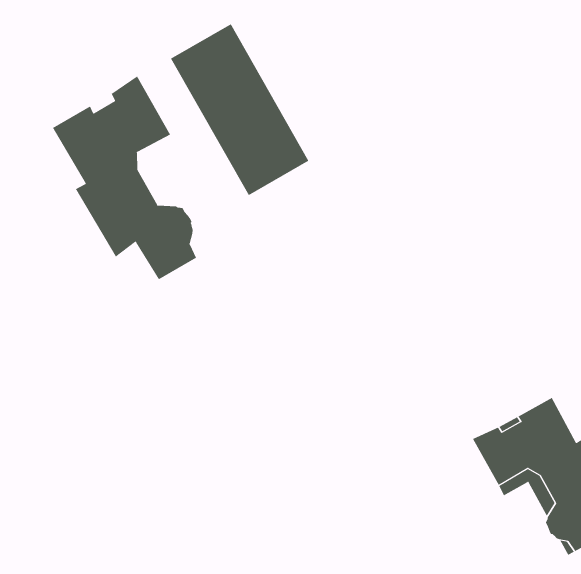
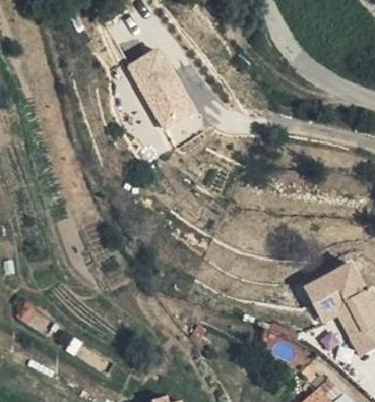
building: [52,76,197,280] -> none

